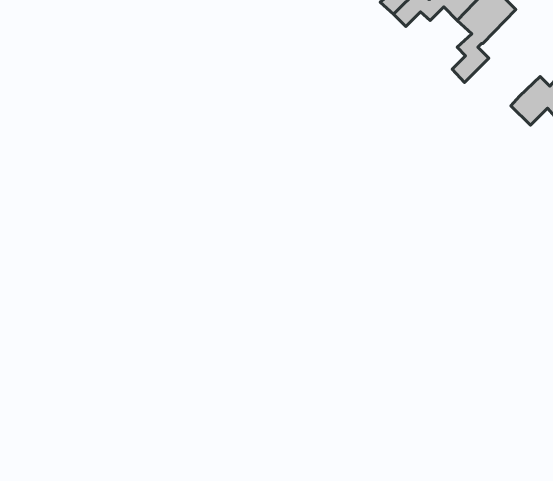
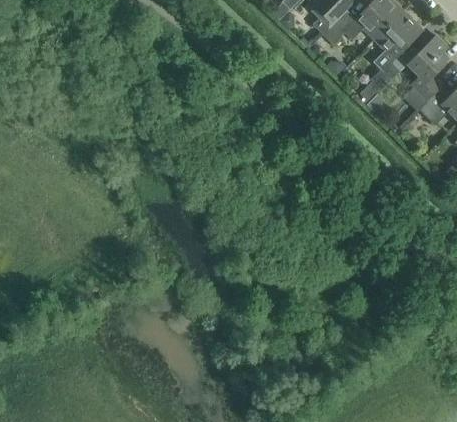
building: none -> [408,35,449,101]

